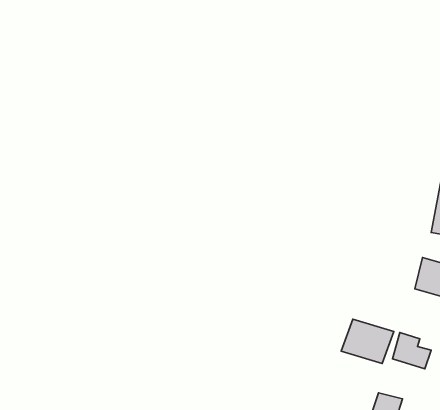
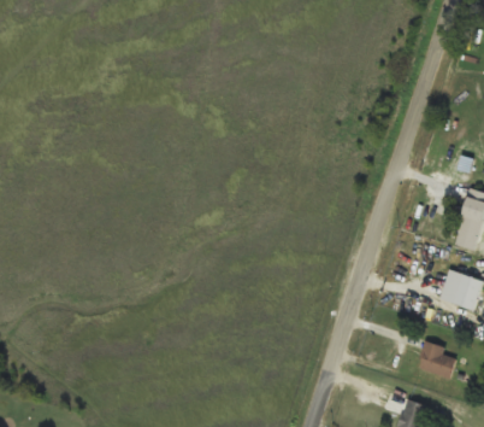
building: [341,319,394,364] -> none

